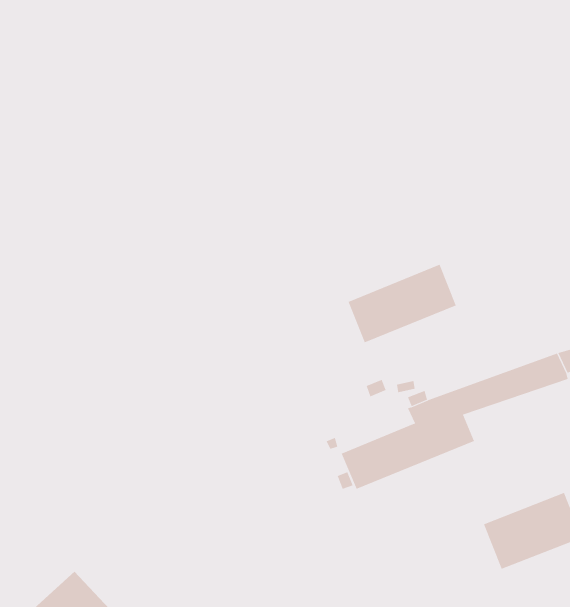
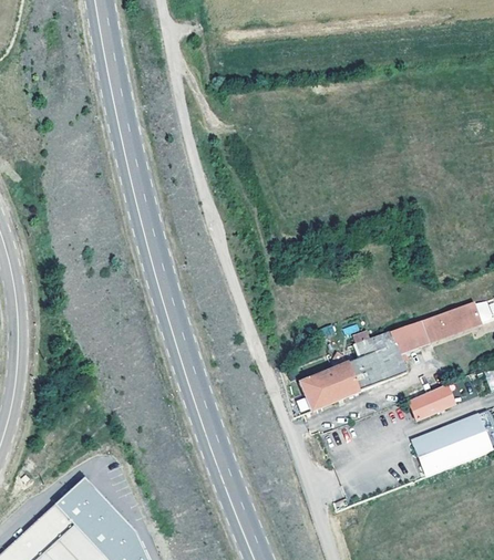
building: [348,264,457,343] -> none
building: none -> [409,384,454,418]

